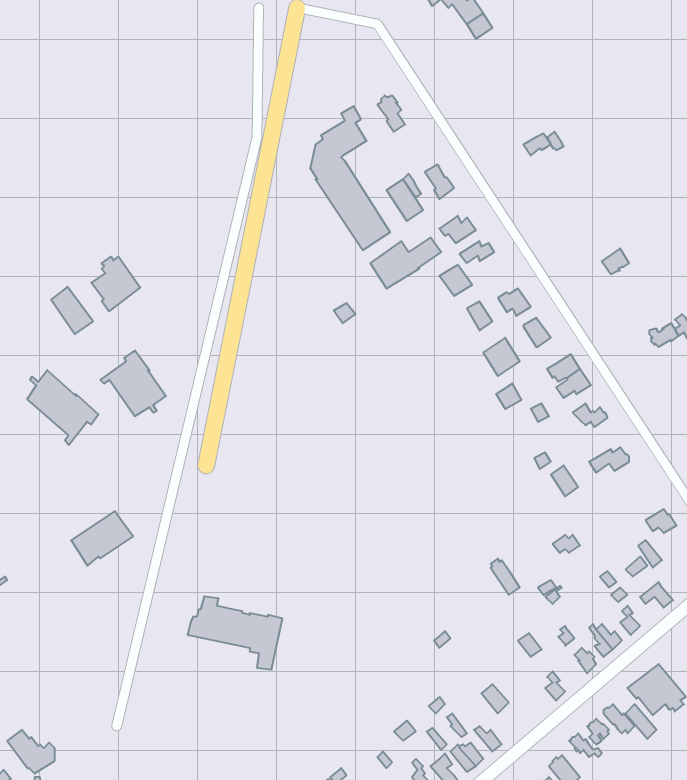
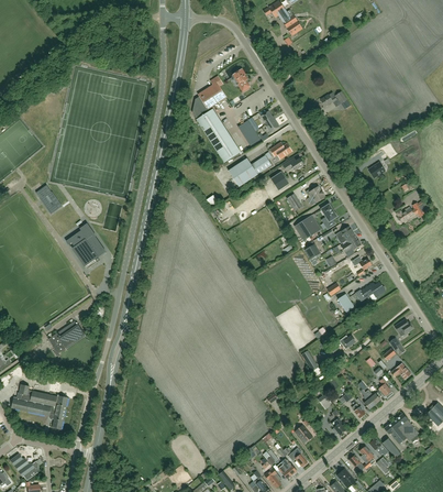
building: [91,256,140,311] -> none
building: [27,370,98,445] -> none
building: [188,597,282,670] -> [11,384,68,428]

